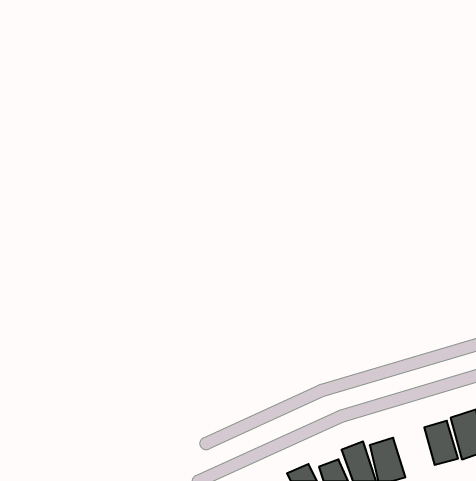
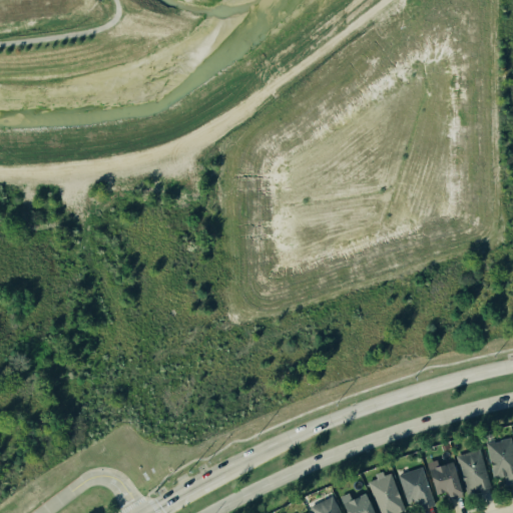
building: none -> [428,456,465,504]

